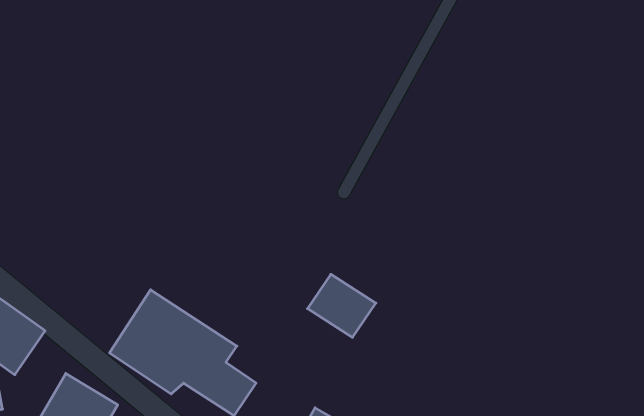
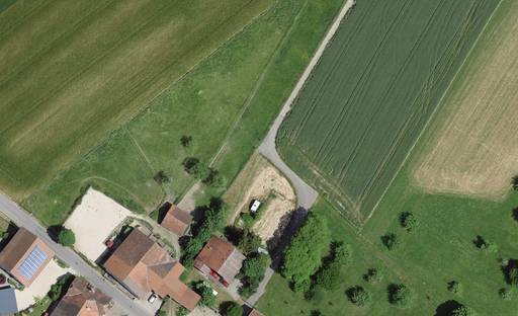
building: none -> [163,203,192,233]
building: [307,274,376,337] -> [198,236,249,283]

